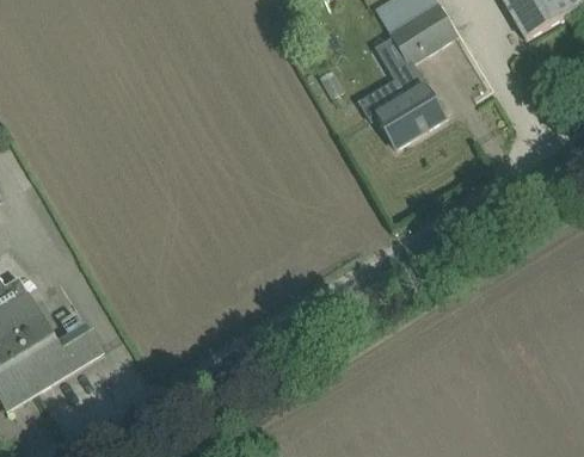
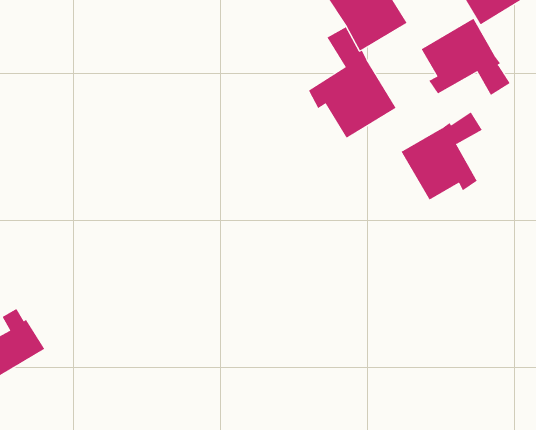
building: none -> [421,18,511,96]
building: none -> [401,112,482,201]

